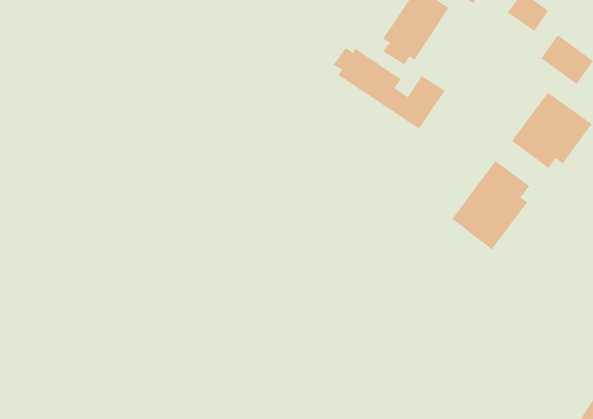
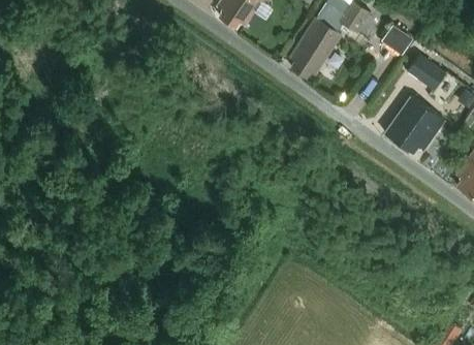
building: [333,47,446,129] -> none
building: [452,160,530,250] -> none

